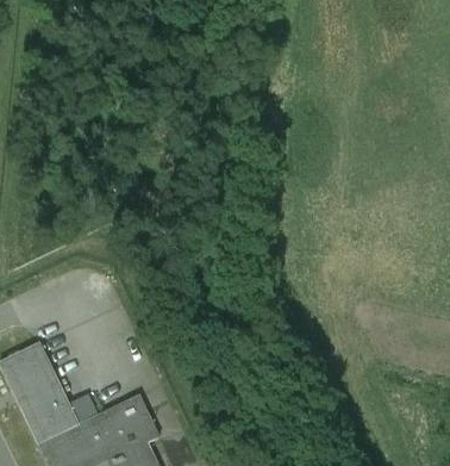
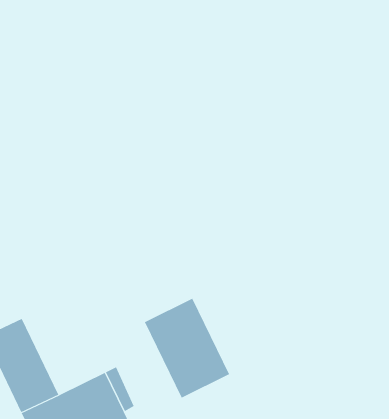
building: none -> [144,298,230,399]

